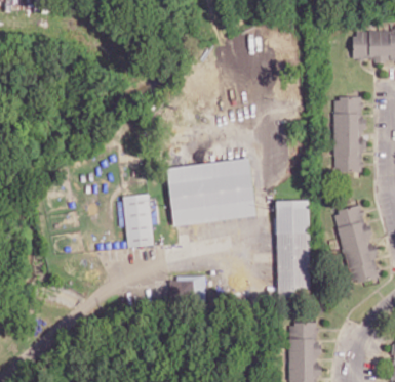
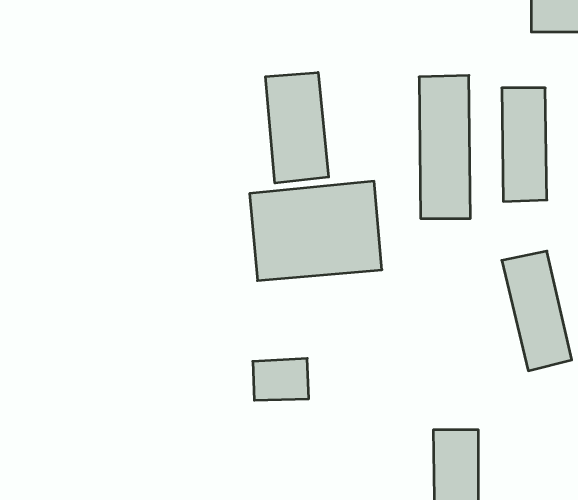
building: none -> [266,72,329,183]
building: [123,194,153,247] -> none
building: [276,200,310,294] -> [419,75,470,218]

